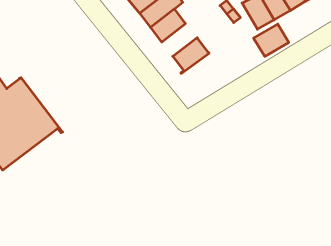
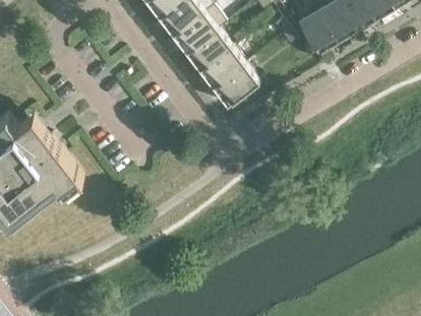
building: none -> [201,47,244,86]
building: [254,24,289,56] -> none

